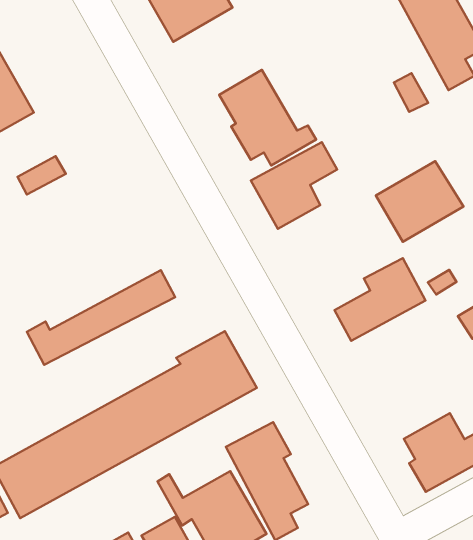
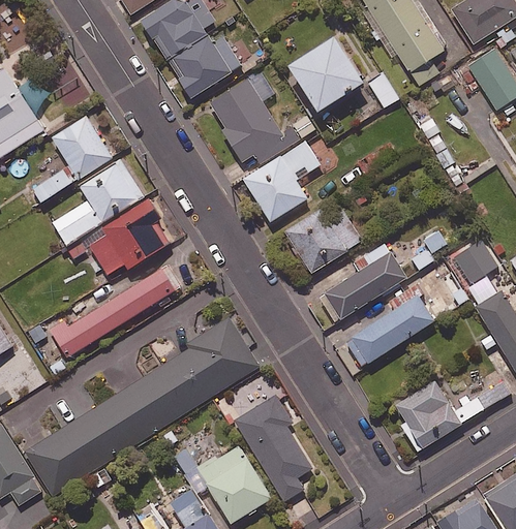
building: none -> [169,35,242,97]
building: none -> [290,34,365,108]
building: none -> [51,116,113,179]
building: none -> [53,160,143,244]
building: [376,161,463,242] -> [283,199,363,274]
building: none -> [85,197,171,275]
building: none -> [345,286,434,366]

